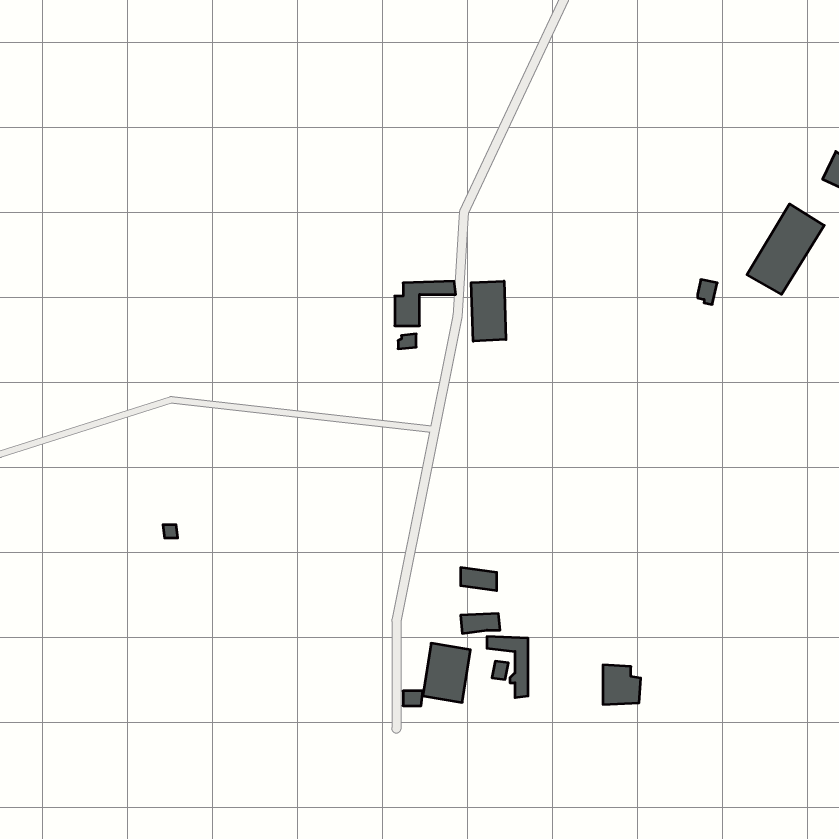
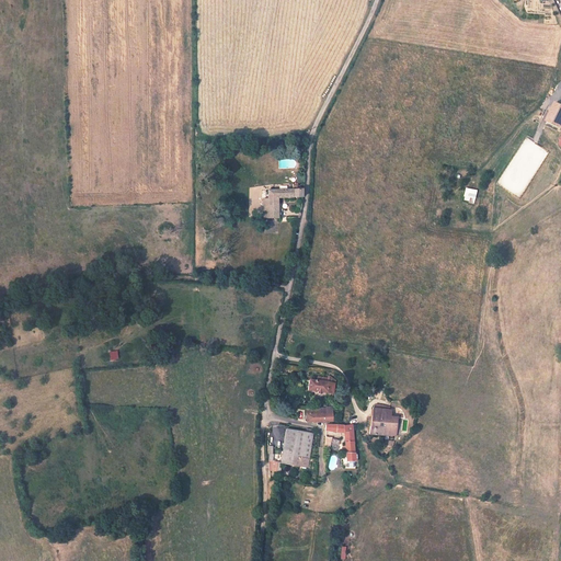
building: [471,281,506,341] -> none
building: [603,665,641,704] -> [370,407,396,433]

